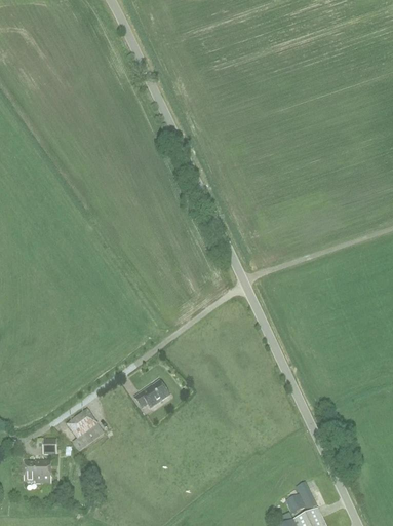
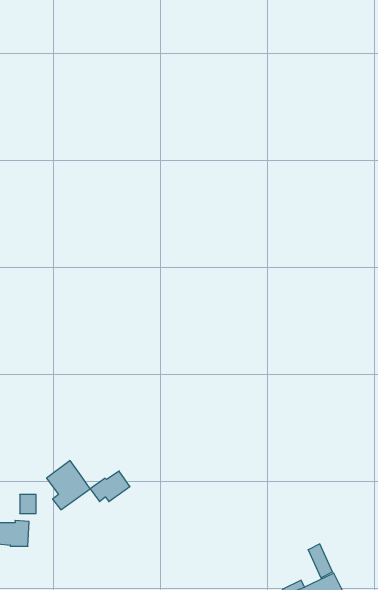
building: [134,381,169,408] -> [90,471,130,502]

